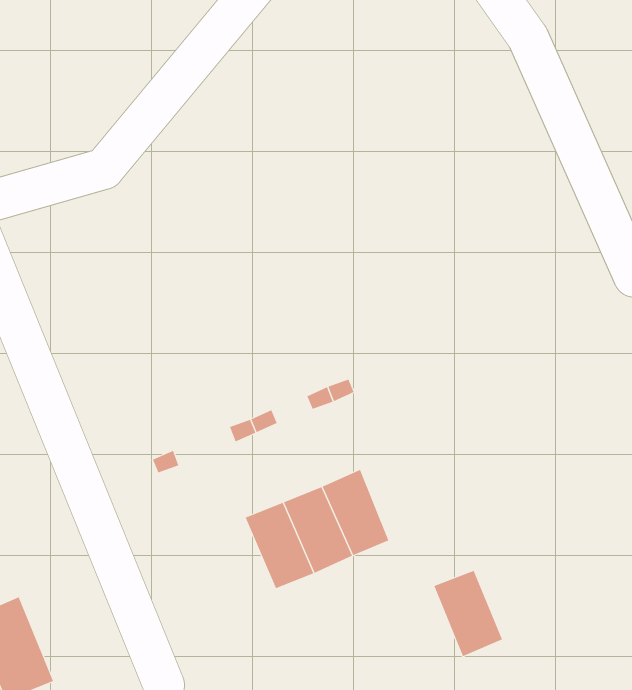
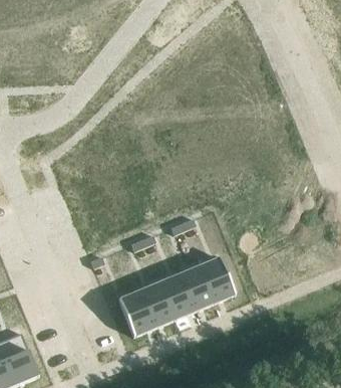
building: none -> [118,290,154,337]
building: [434,570,503,657] -> [199,257,235,303]

